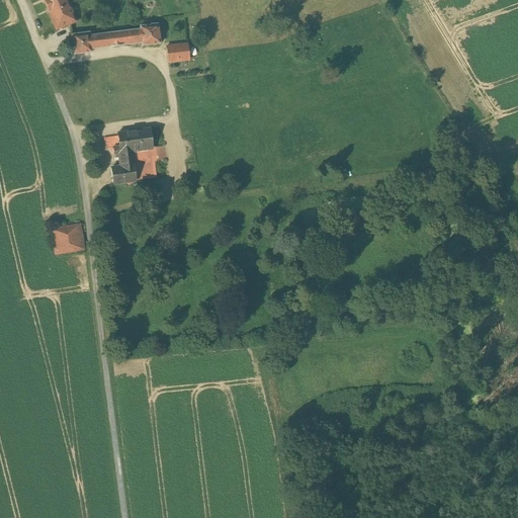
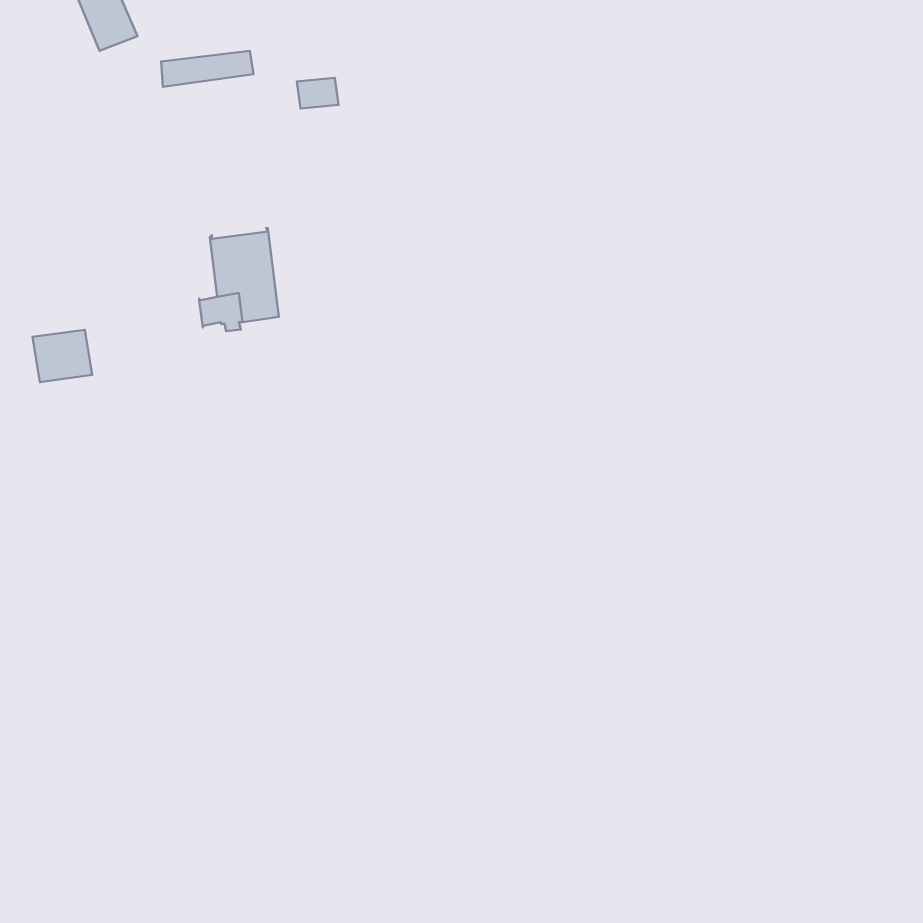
building: [141,22,161,45] -> none
building: [72,31,93,54] -> none
building: [52,224,85,253] -> [32,330,92,382]

